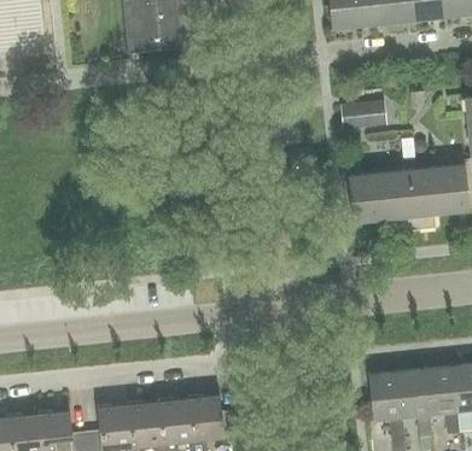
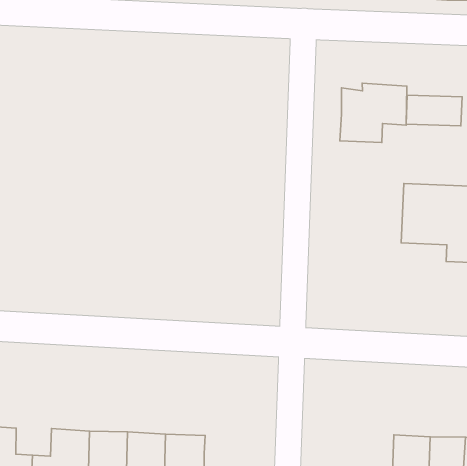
building: none -> [340,83,407,142]

